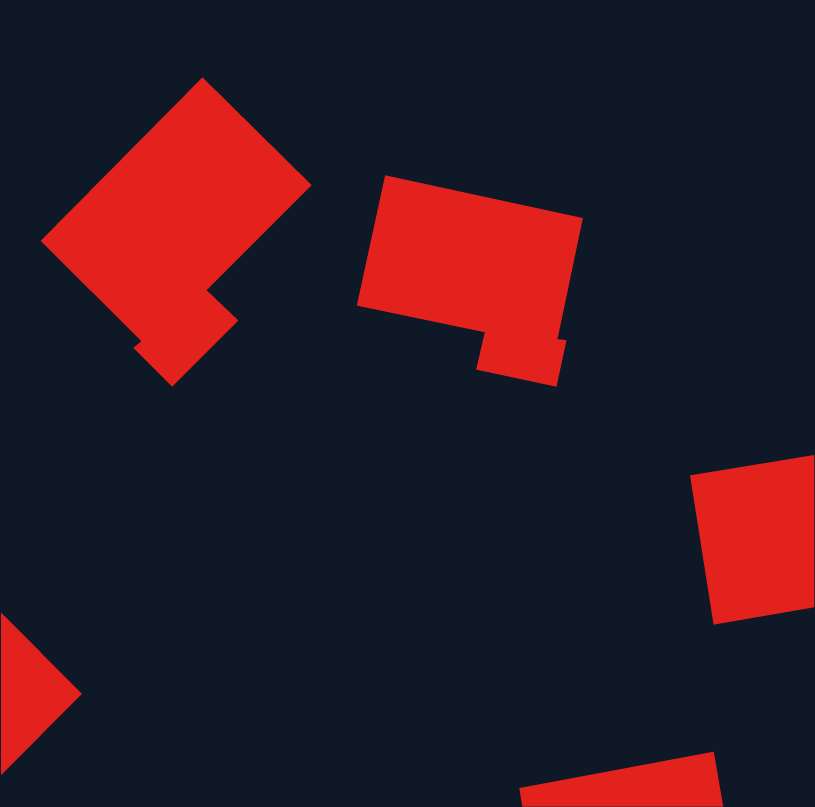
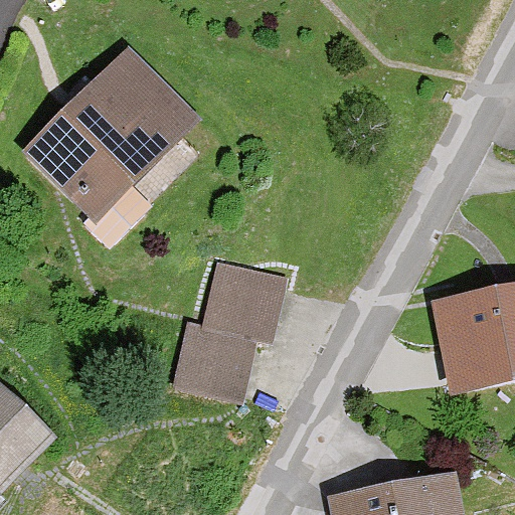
building: [356,175,584,387] -> none
building: none -> [175,262,284,398]

